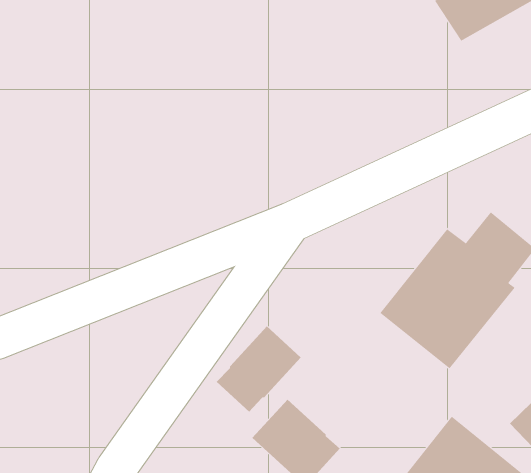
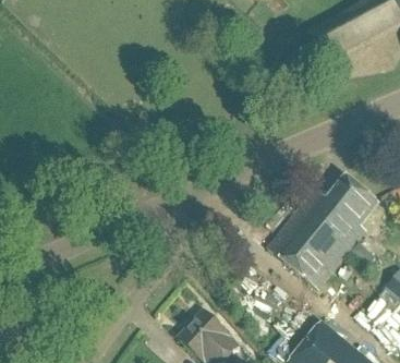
building: [216,326,301,412] -> none

